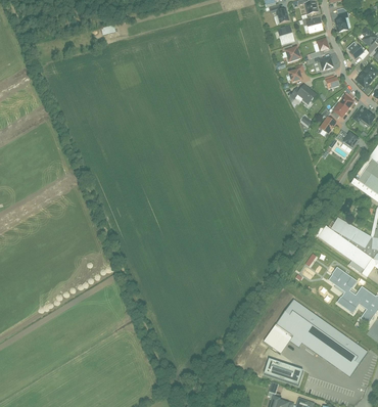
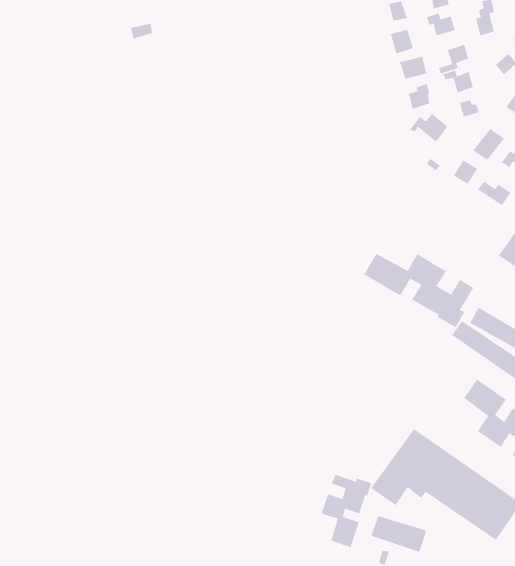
building: none -> [363,253,474,328]
building: none -> [321,474,372,548]

